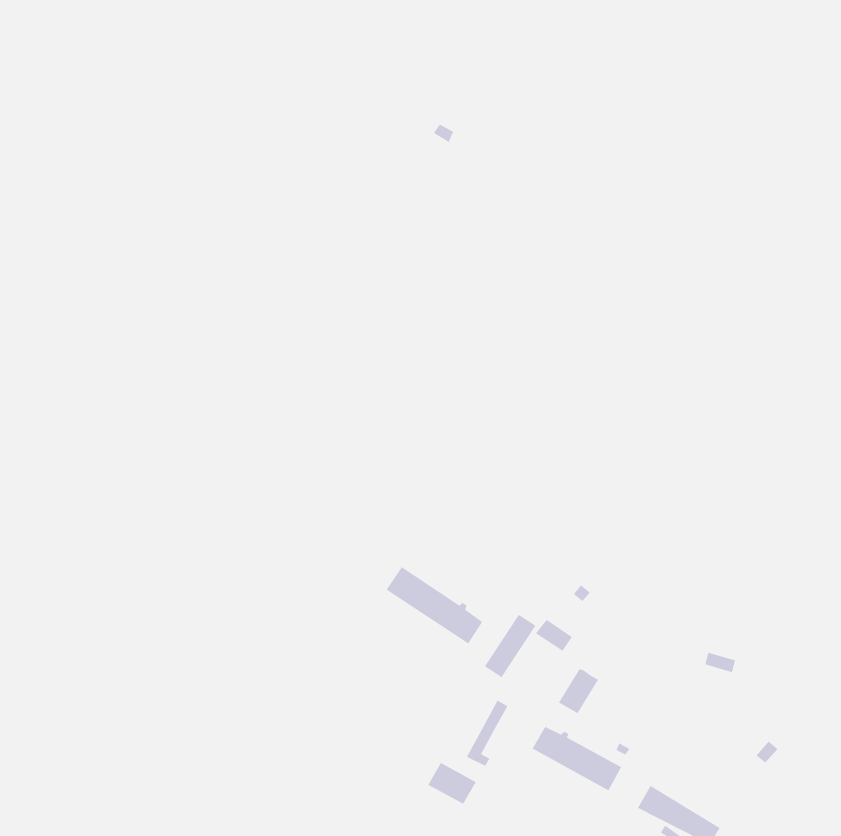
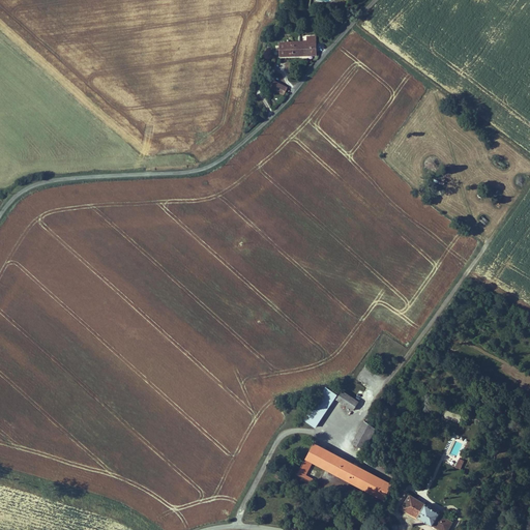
building: none -> [278,34,317,54]
building: [385,566,483,645] -> none
building: [427,762,477,805] -> [312,447,343,474]

